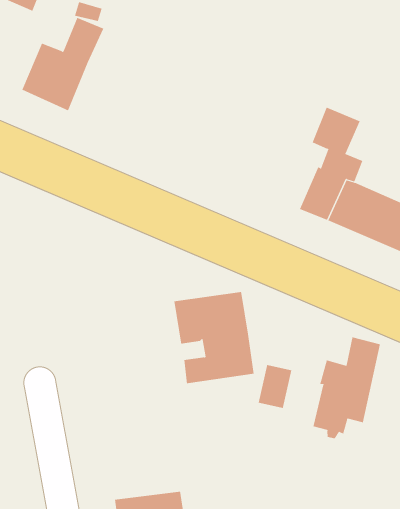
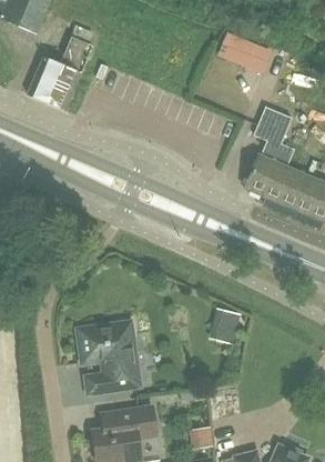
building: none -> [214,30,271,71]
building: [173,291,255,384] -> [77,321,140,393]
building: [313,336,381,439] -> none

